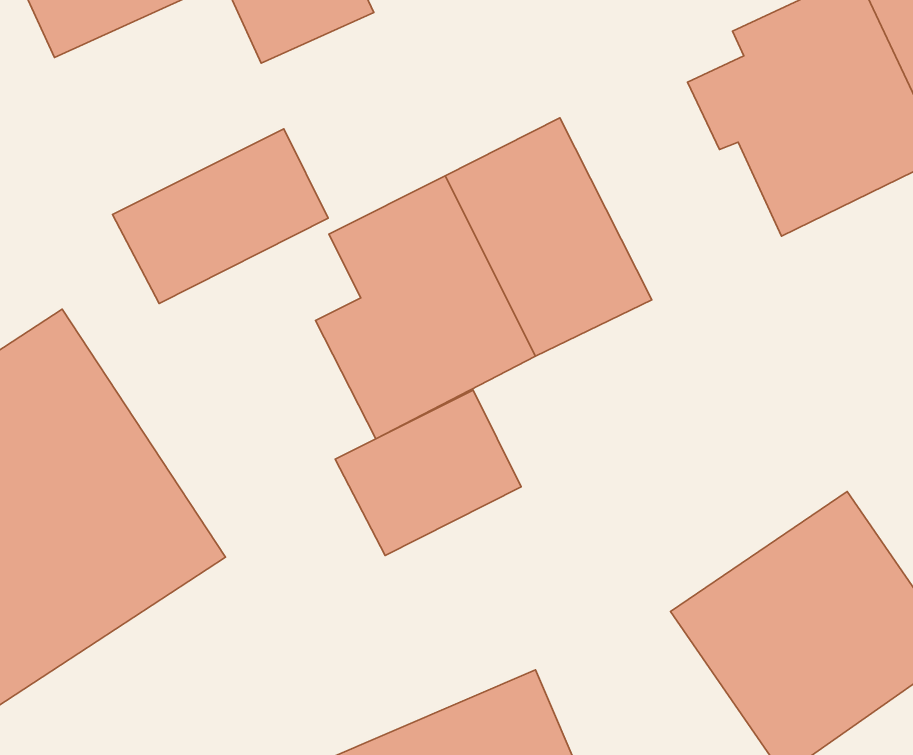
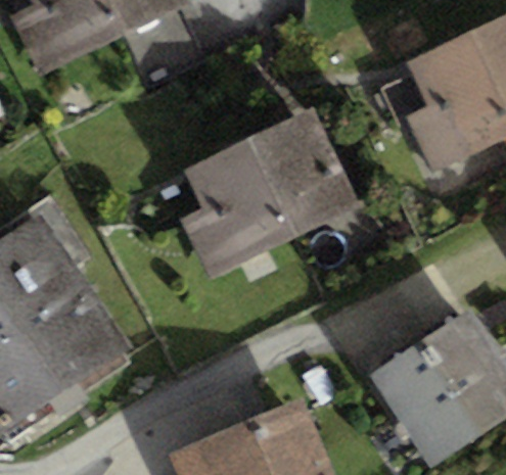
building: [112,129,328,303] -> none
building: [335,390,521,555] -> none

